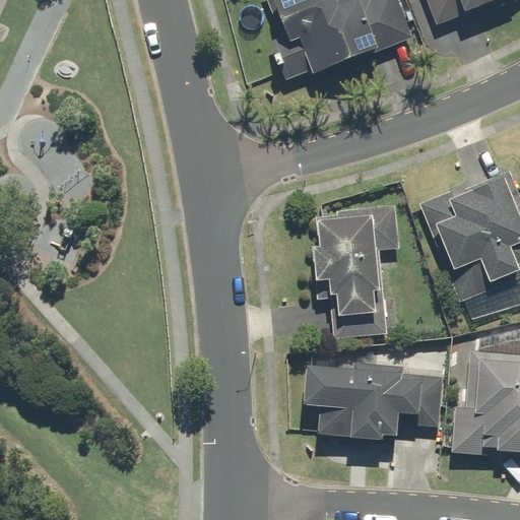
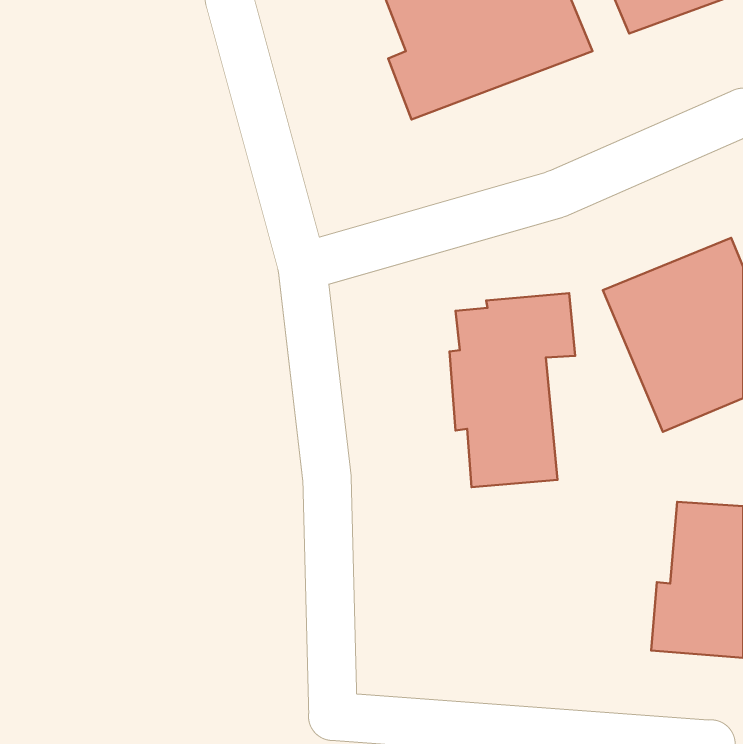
building: [305,360,442,442] -> none

